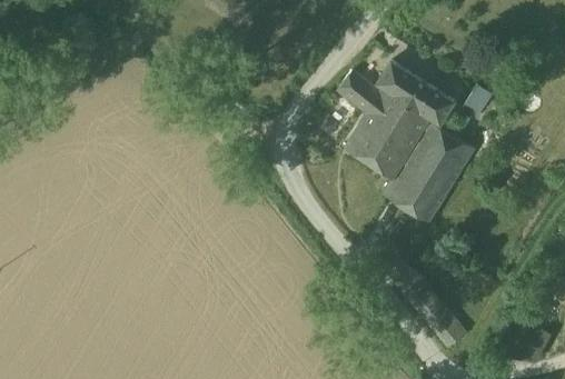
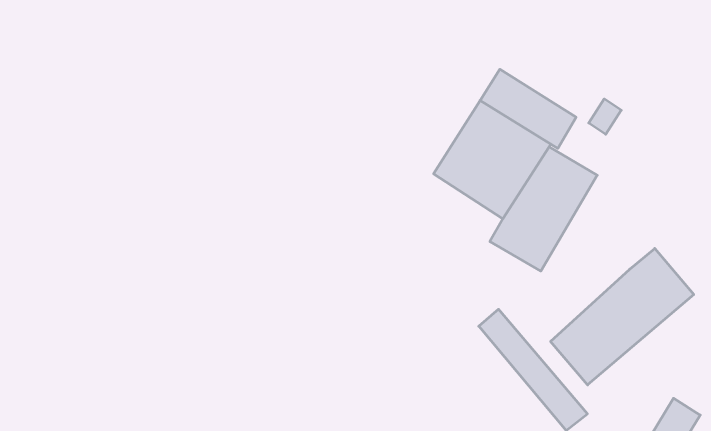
building: [337,69,380,108] -> none
building: none -> [551,248,694,385]

